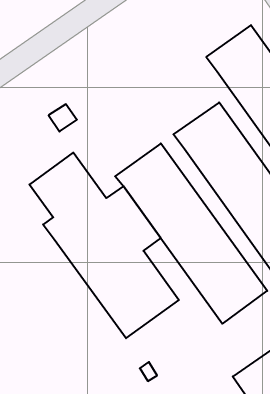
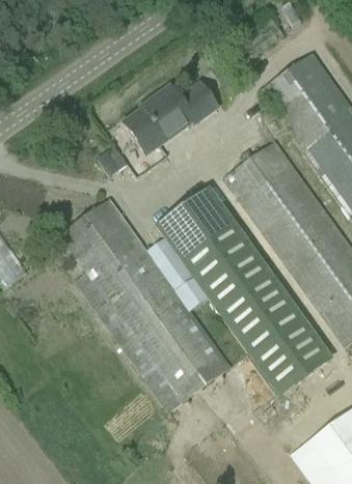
building: none -> [124,81,217,153]

